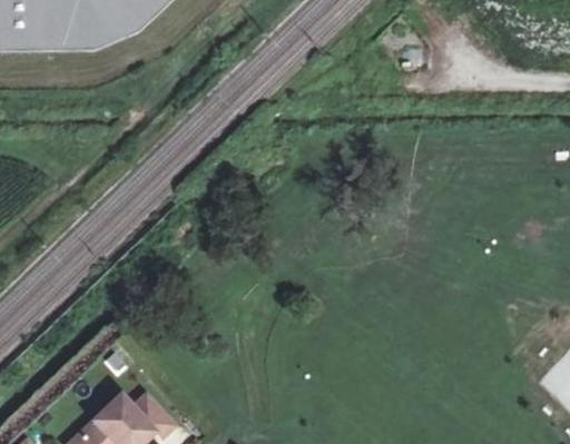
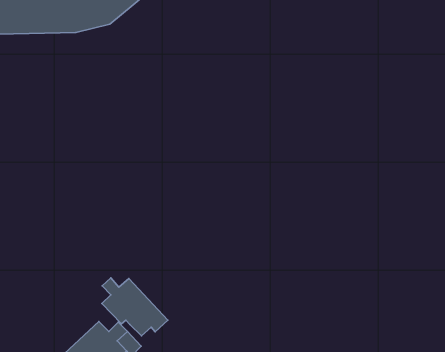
building: none -> [102,278,168,336]

